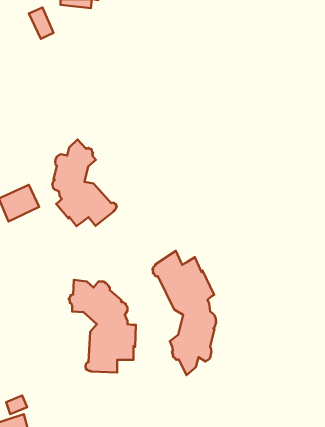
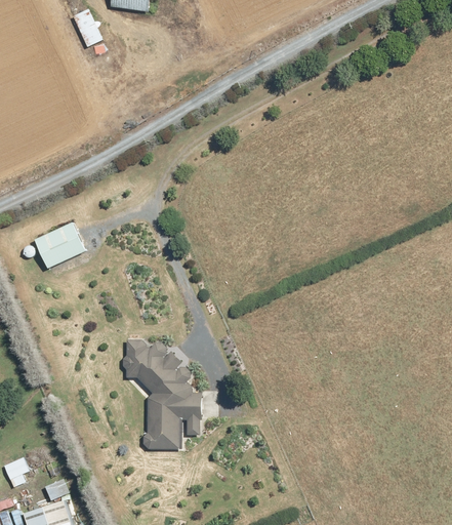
building: [52,139,117,226] -> none
building: [152,251,216,375] -> none

